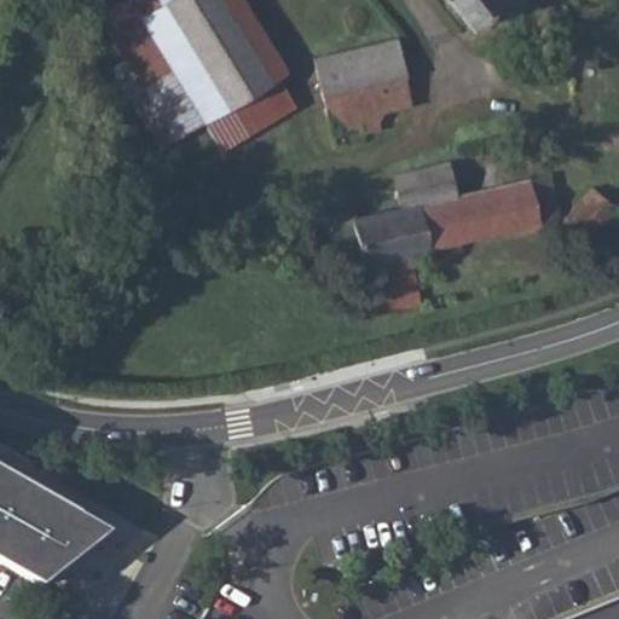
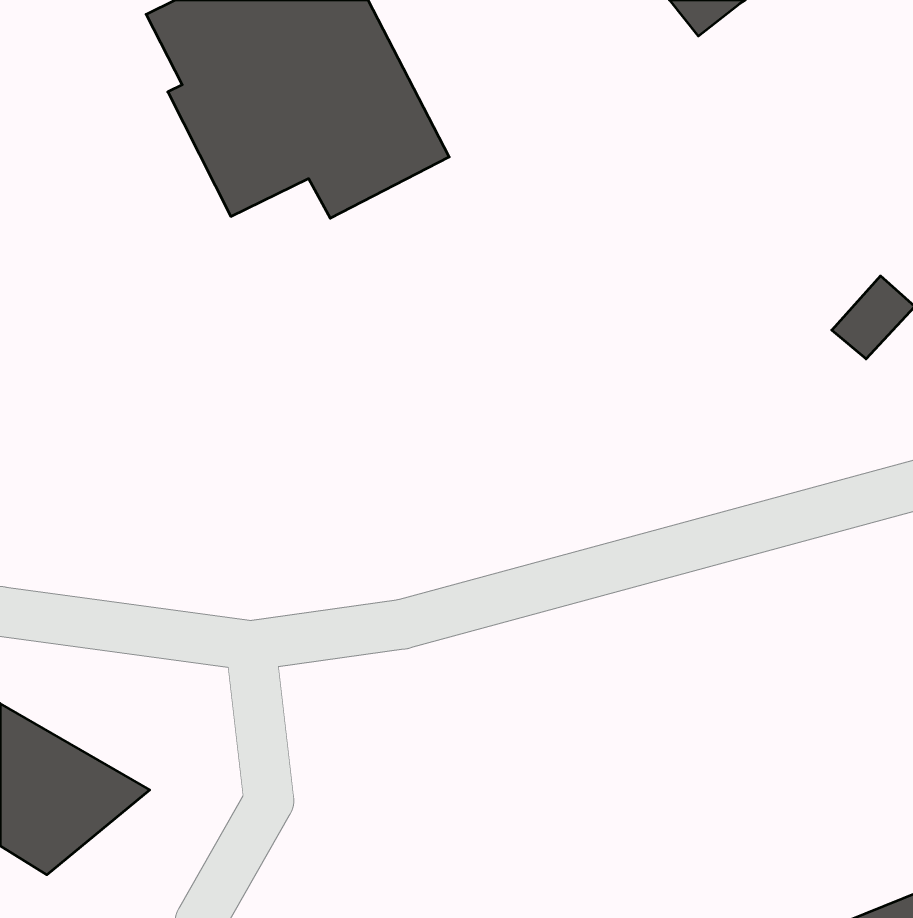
building: [319,40,415,132] -> none
building: [331,175,563,261] -> none

